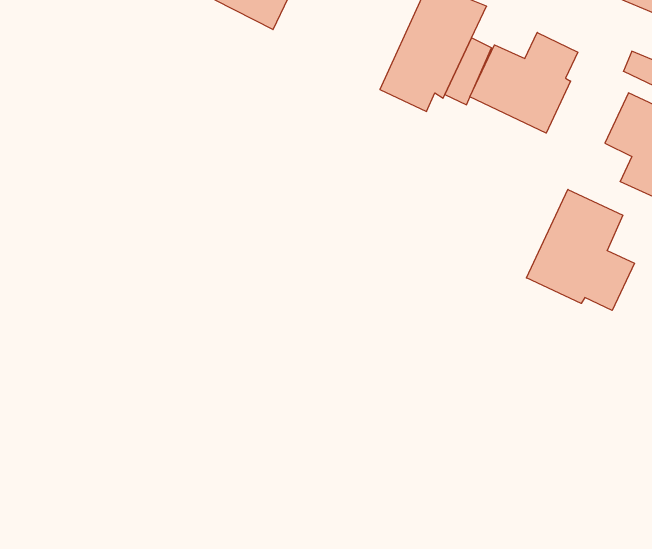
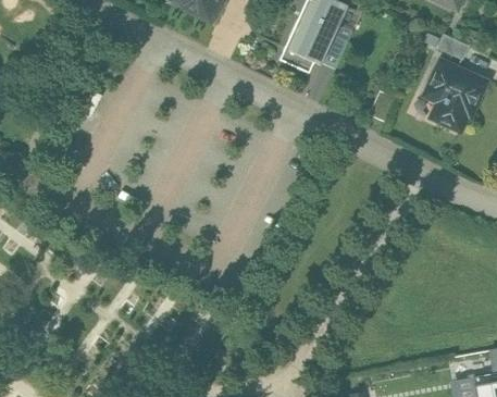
building: [470,32,578,133] -> none
building: [526,189,635,310] -> none

